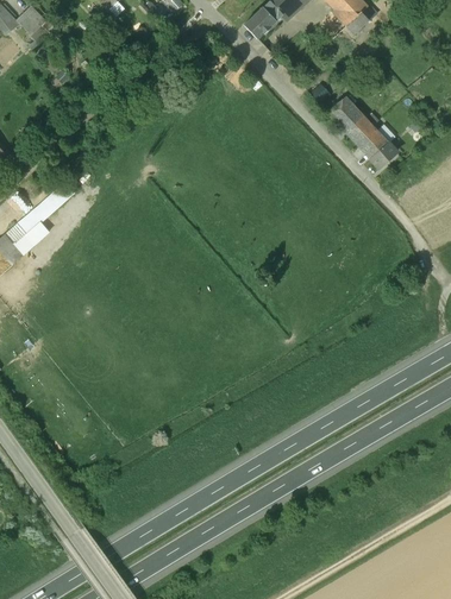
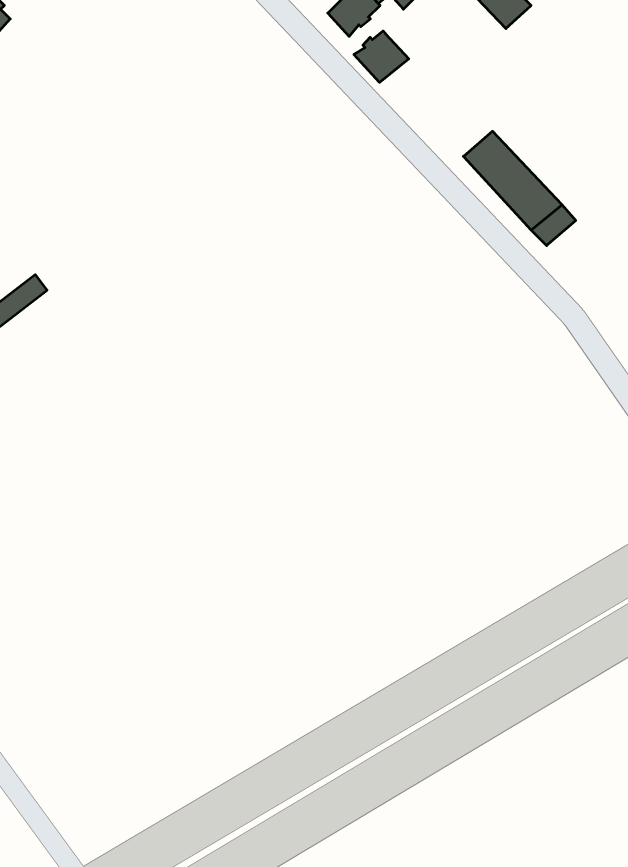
building: none -> [354,31,409,82]

